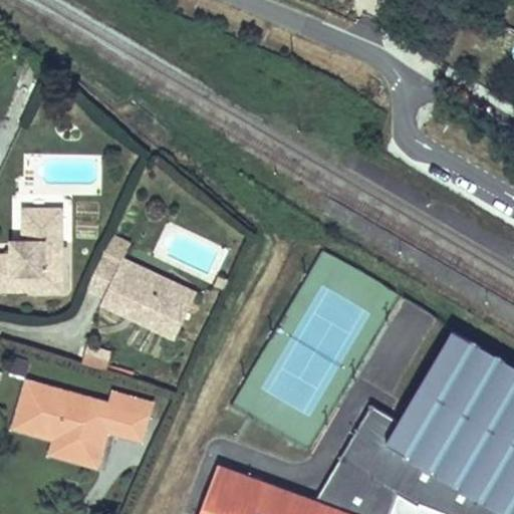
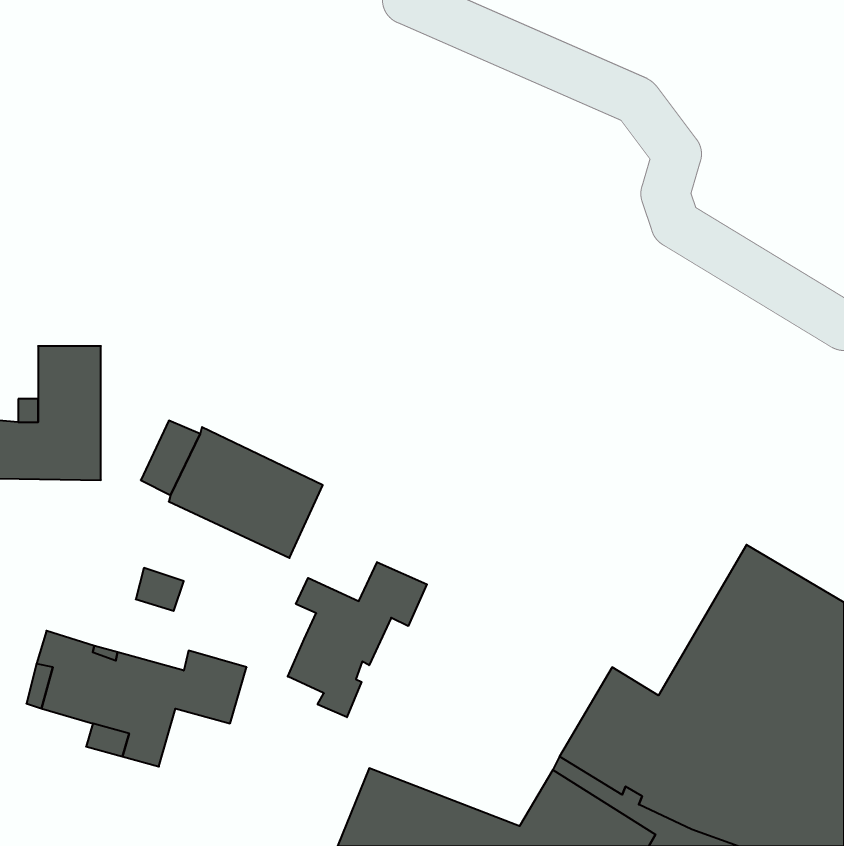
building: none -> [288,562,427,717]

